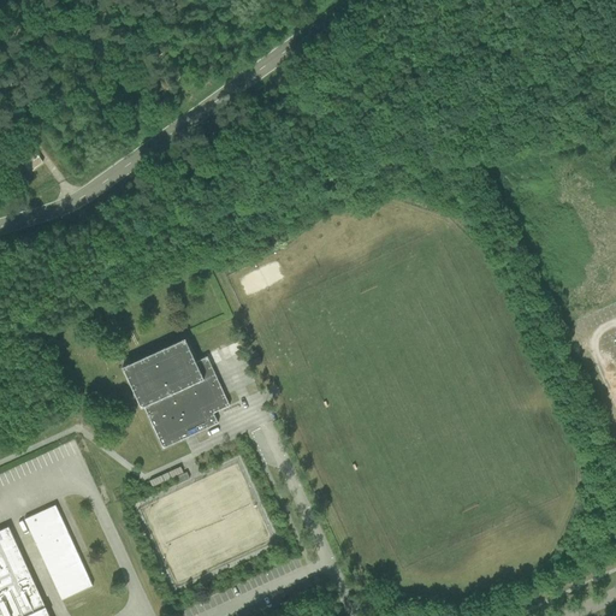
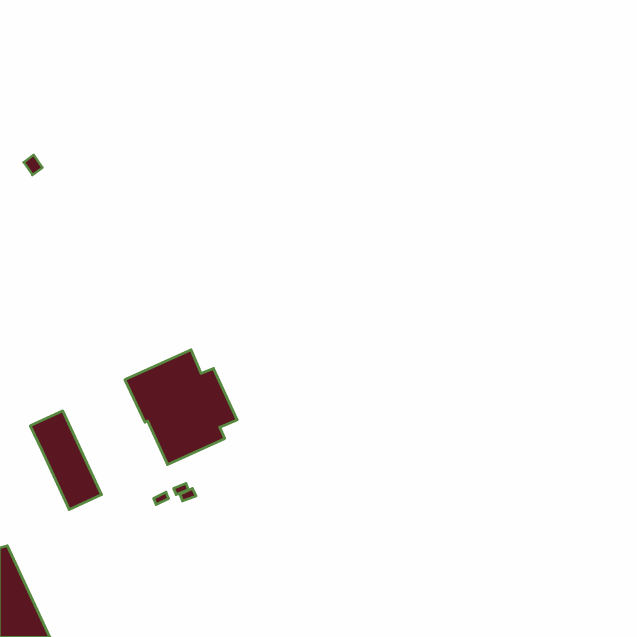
building: [23,504,91,599] -> [30,411,102,510]

